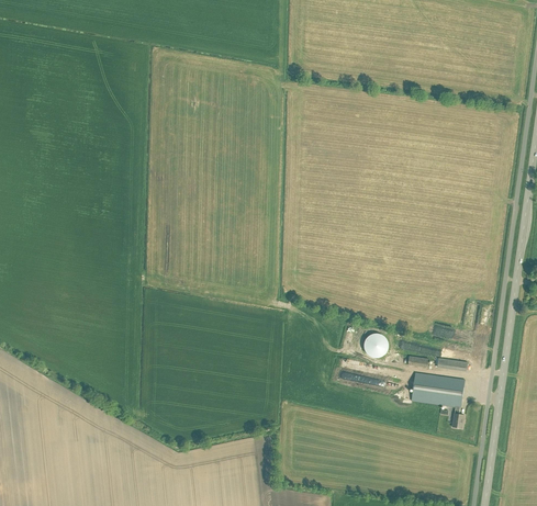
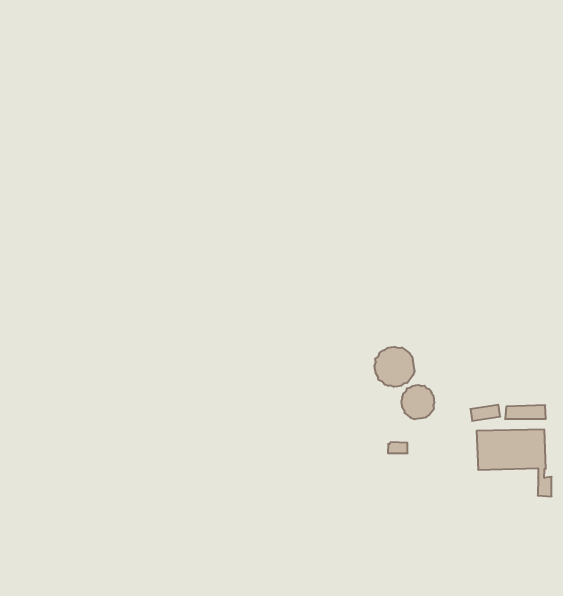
building: none -> [375,347,414,387]

